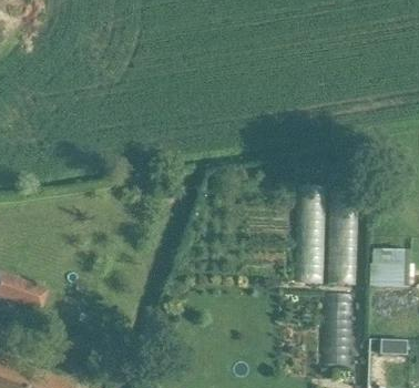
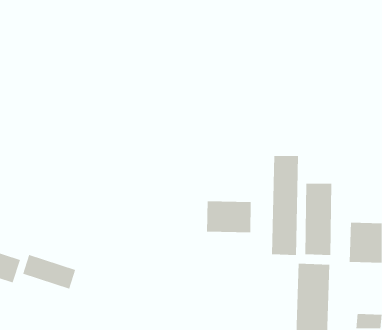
building: none -> [207,200,251,233]
building: none -> [22,254,76,289]

